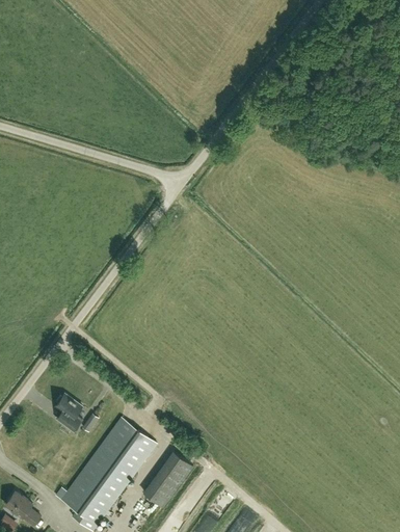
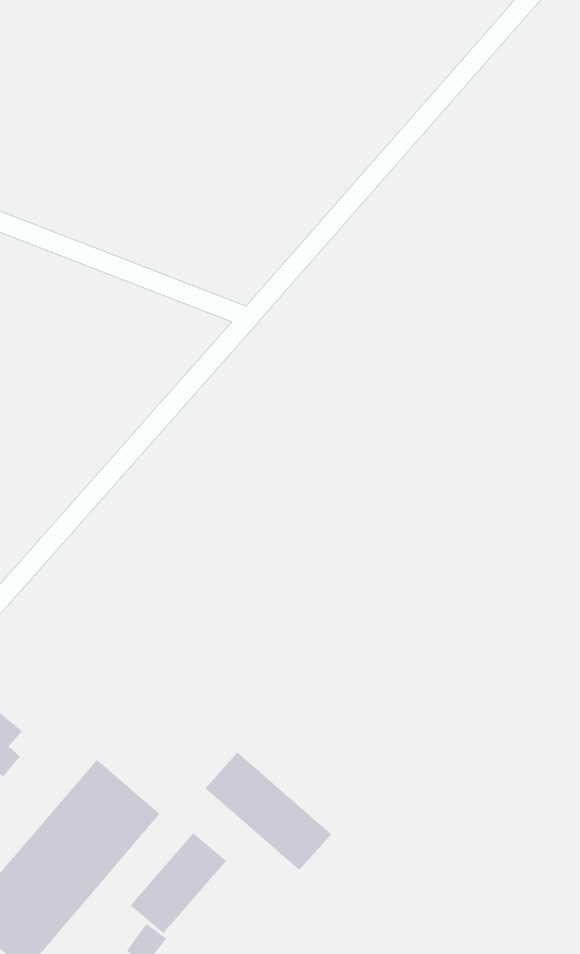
building: none -> [204,752,332,871]

